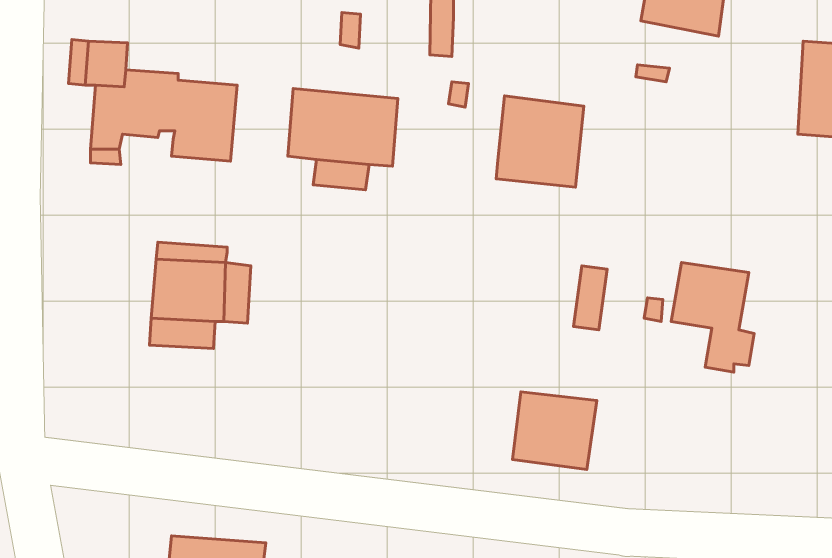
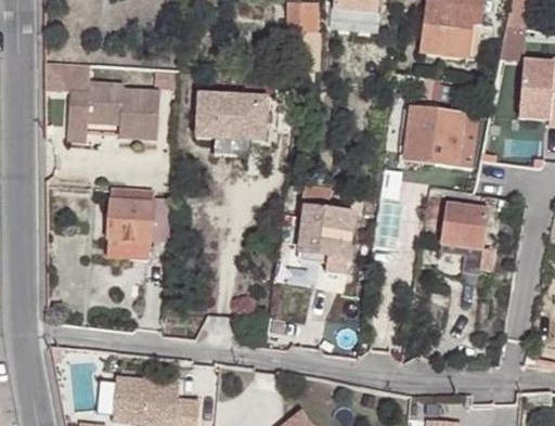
building: [496,96,584,187] -> [405,109,462,168]
building: [513,392,597,470] -> [298,206,352,256]

